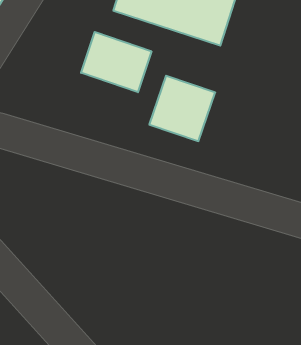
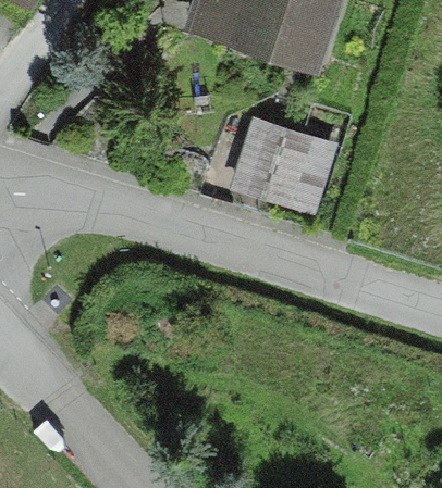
building: [81,32,151,92] -> none

